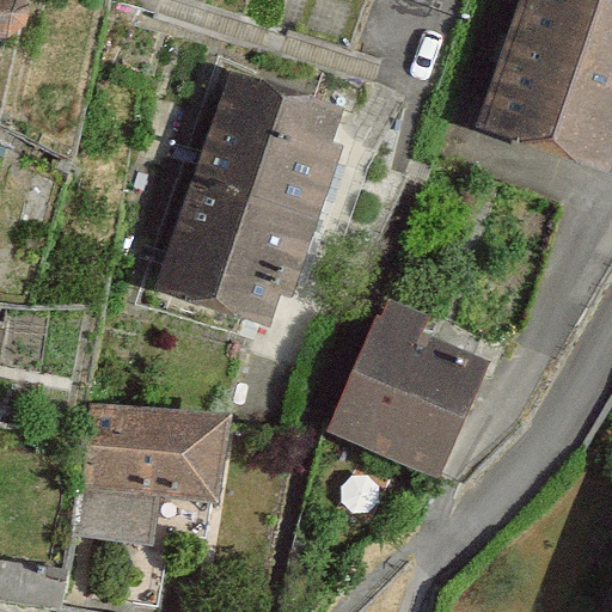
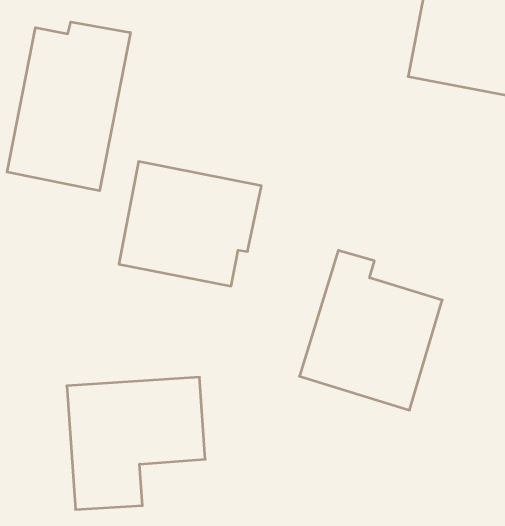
building: none -> [7,22,130,191]
building: [191,76,339,225] -> none

